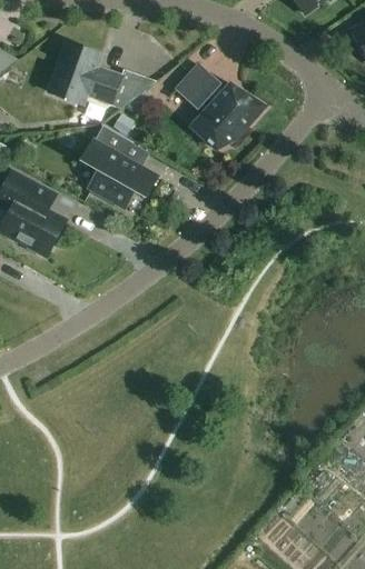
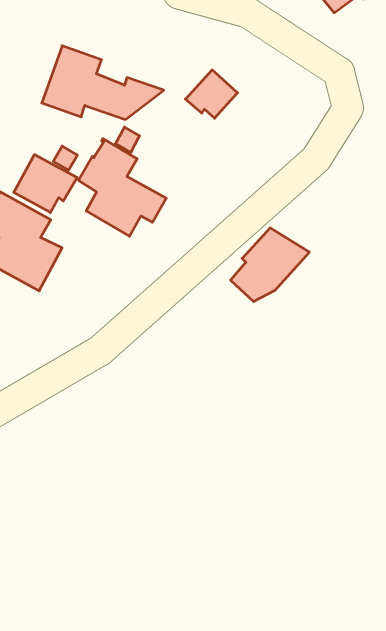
building: [196,83,265,148] -> [231,228,309,302]
building: none -> [14,155,77,213]

